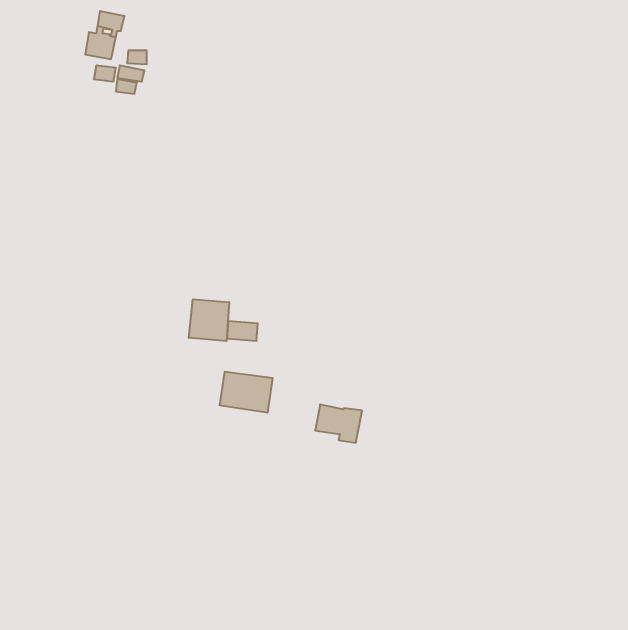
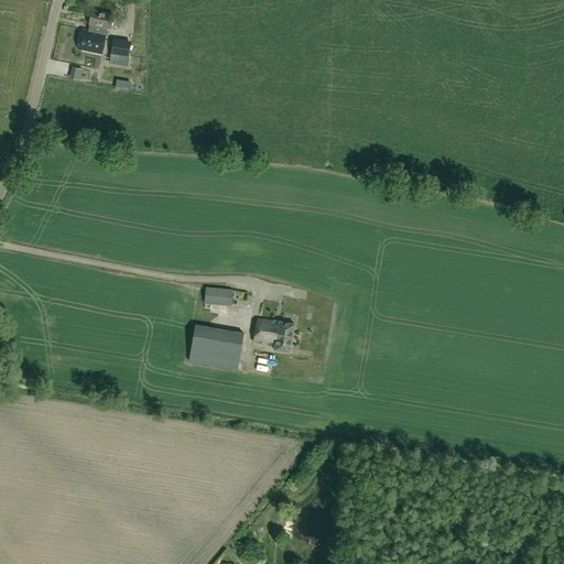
building: [189,299,229,341] -> none
building: [315,404,362,443] -> [251,317,293,351]

